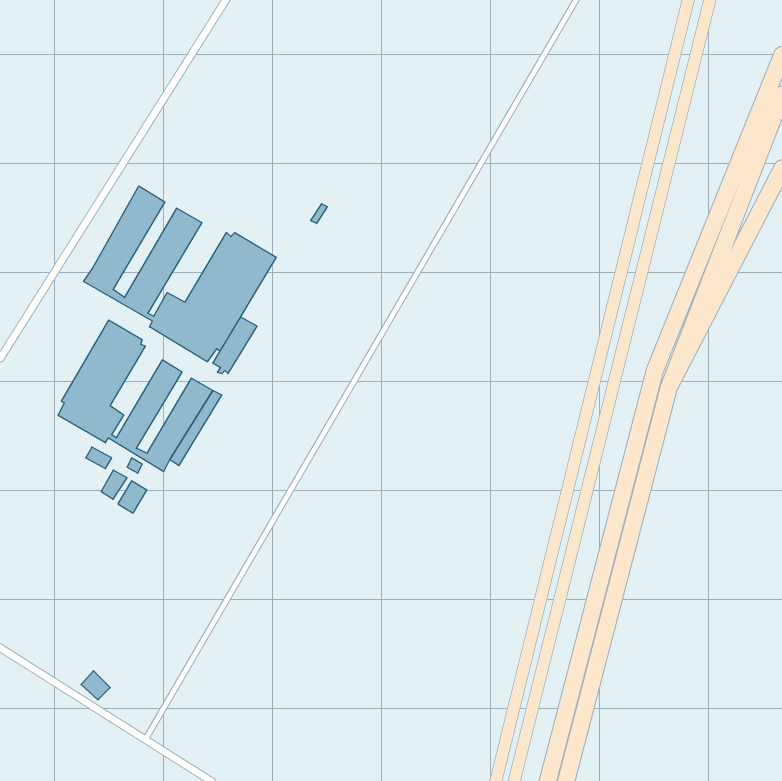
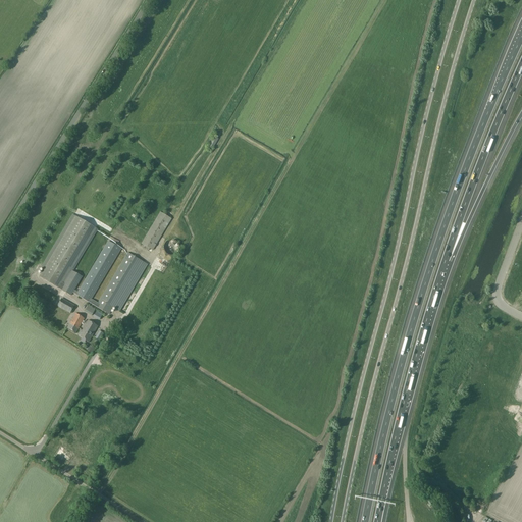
building: [84,186,276,362] -> none

